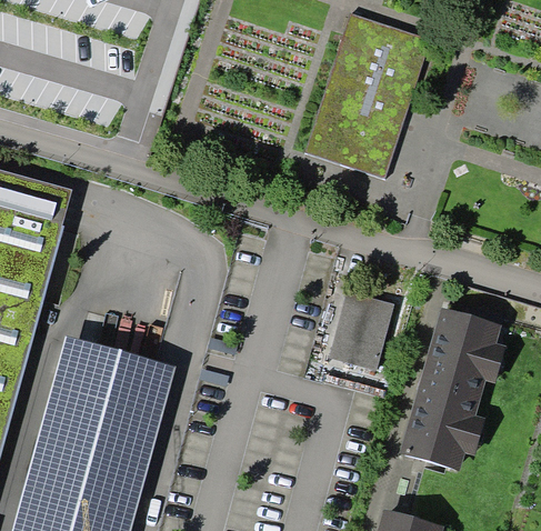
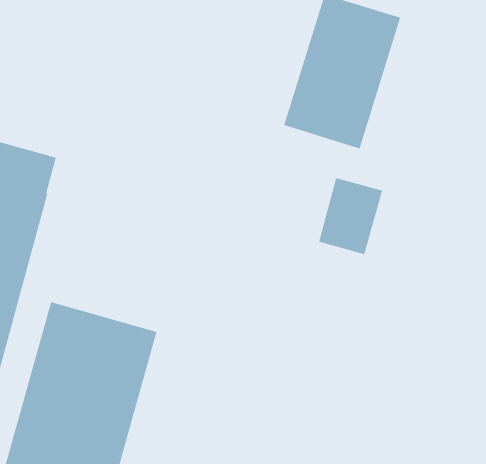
building: [328,291,394,371] -> [318,177,383,255]
building: [399,307,505,470] -> none

